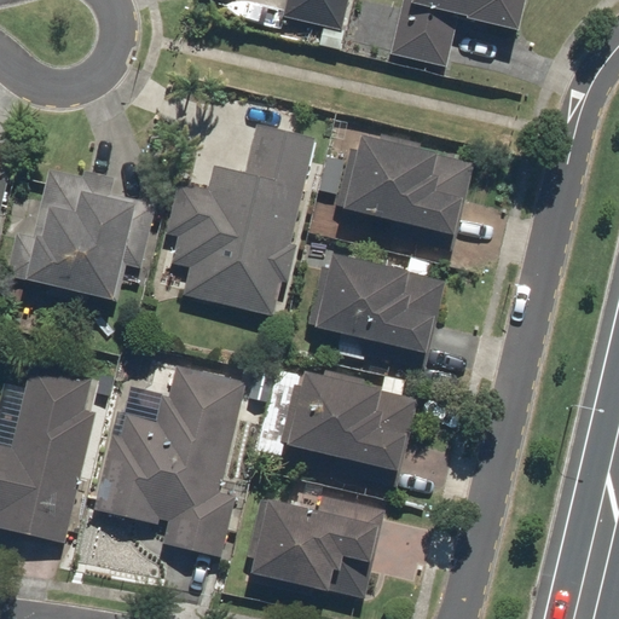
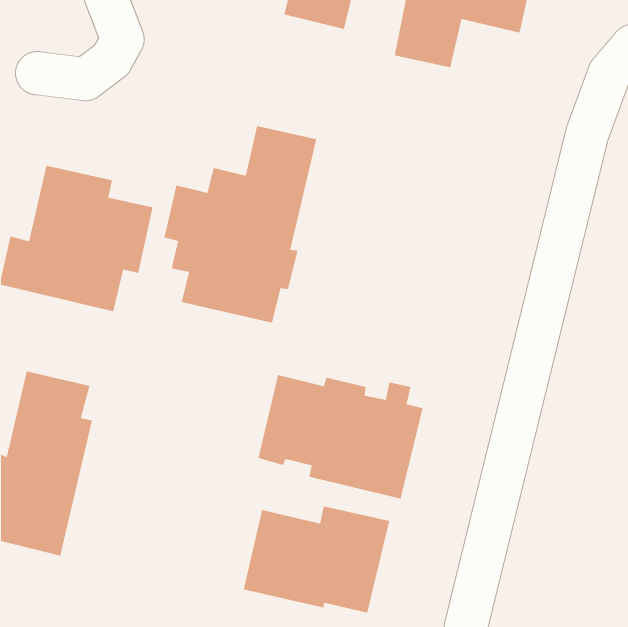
building: [336,131,474,249] -> none
building: [306,249,449,369] -> none
building: [94,363,247,557] -> none

